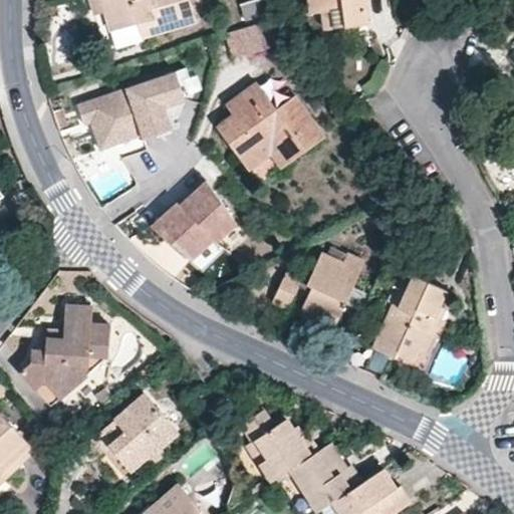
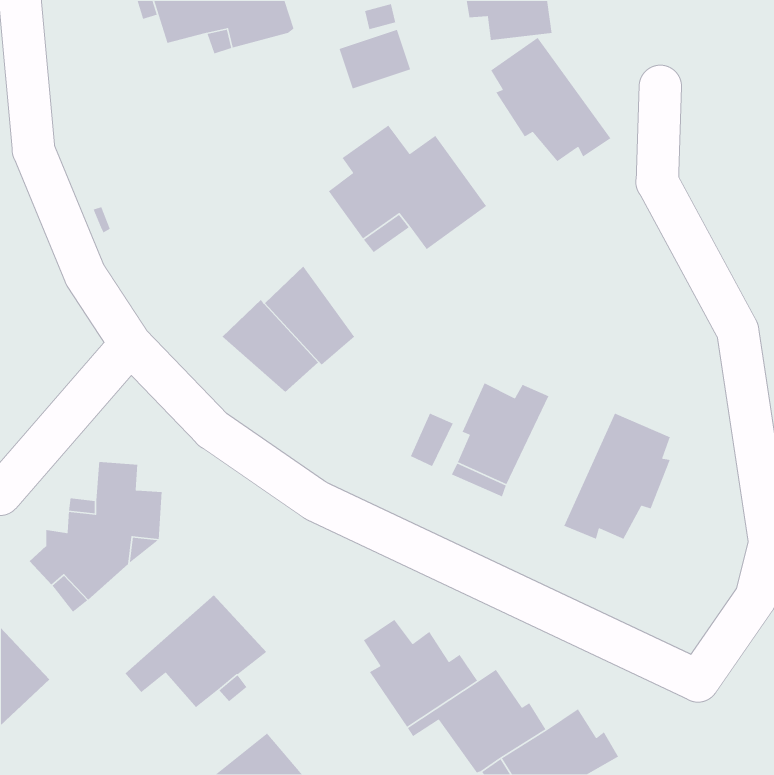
building: none -> [490,37,611,162]
building: [77,70,185,149] -> none
building: [396,304,453,370] -> none

